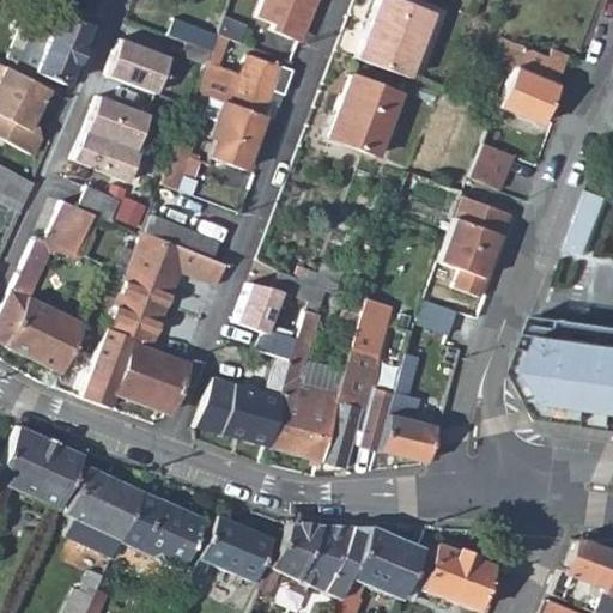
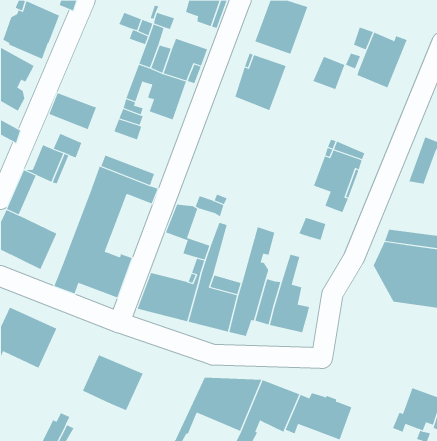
building: [109,38,171,93] -> none
building: [86,95,150,148] -> none
building: [469,144,515,190] -> [312,56,345,90]
building: [66,467,144,557] -> none
building: [187,515,273,588] -> none

